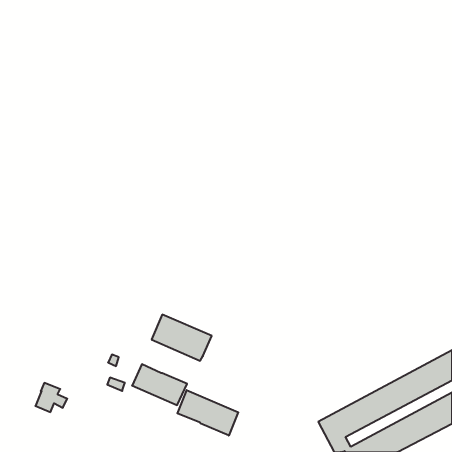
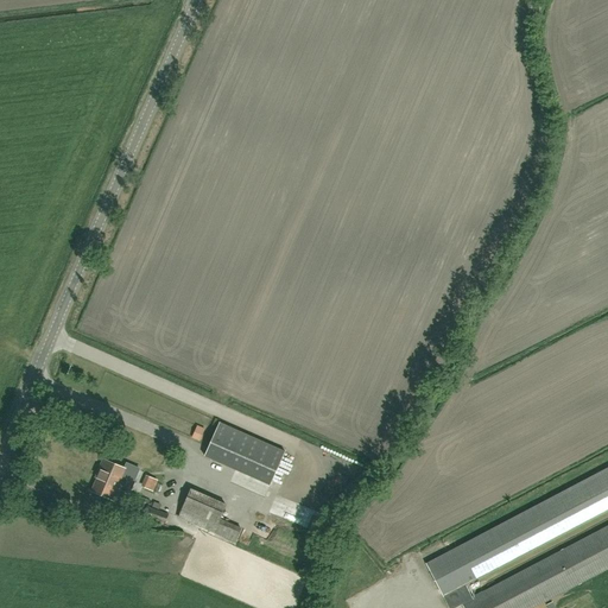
building: [35,383,67,412] -> [91,460,134,499]
building: [177,390,238,436] -> none

